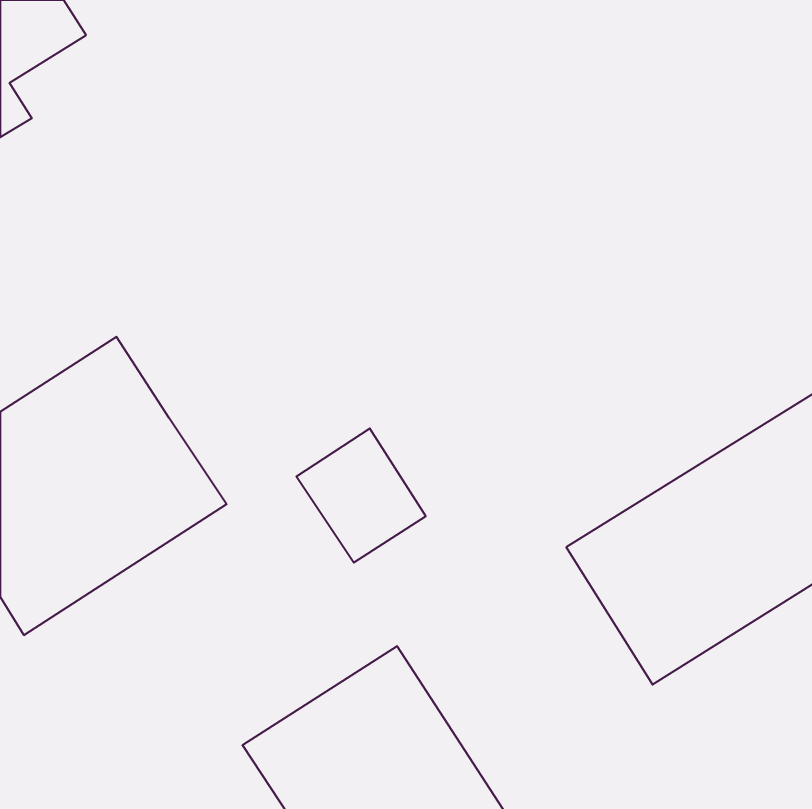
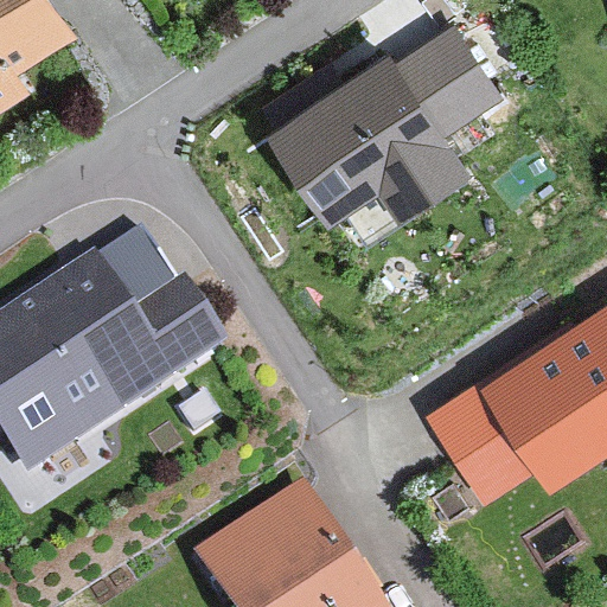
building: none -> [268,23,506,224]
building: [296,428,426,563] -> [128,280,224,379]

